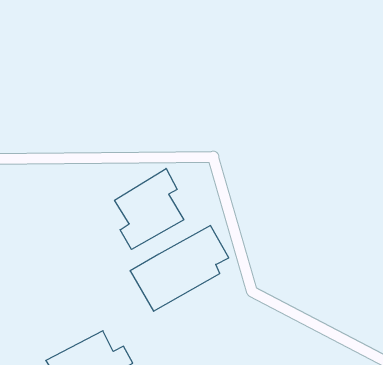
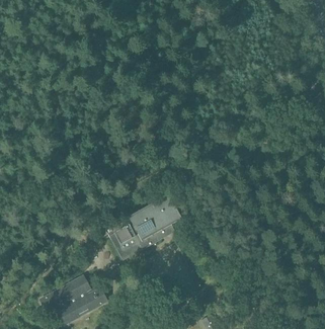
building: [115,168,184,249] -> none

